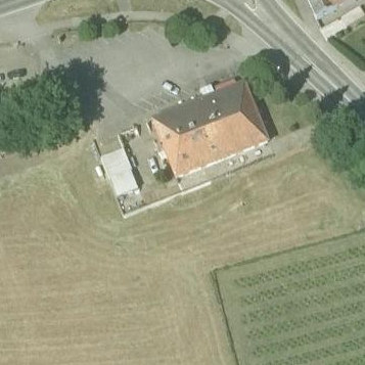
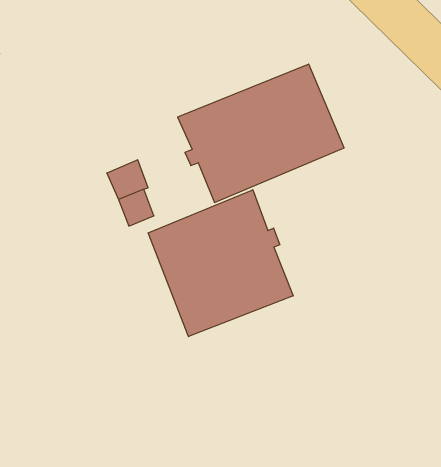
building: none -> [148,190,293,337]

